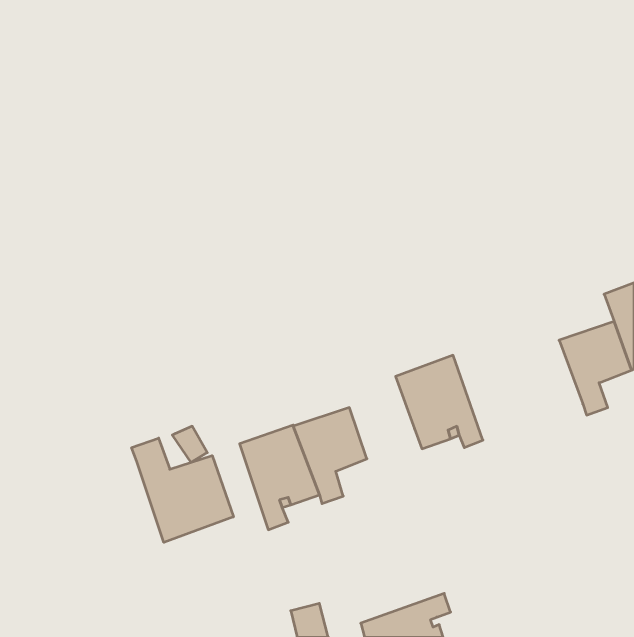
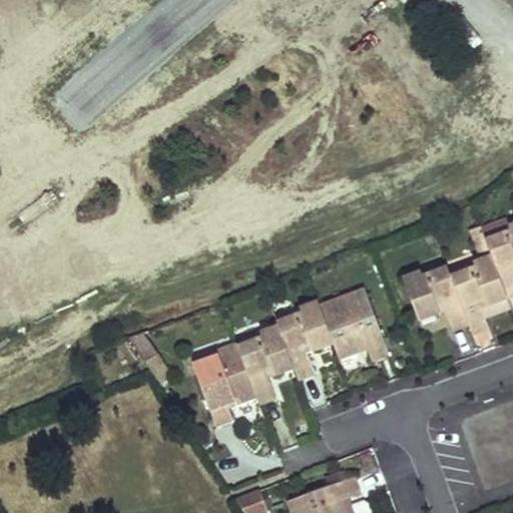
building: none -> [404,263,468,330]
building: none -> [277,303,333,380]
building: [132,438,233,542] -> none

